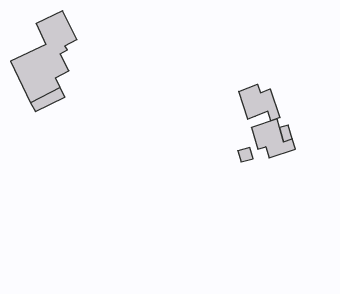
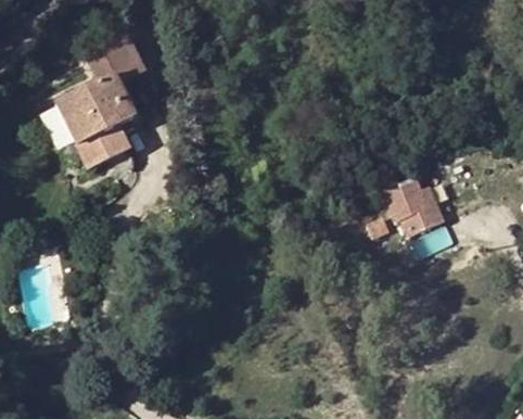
building: [239,84,280,121] -> none

